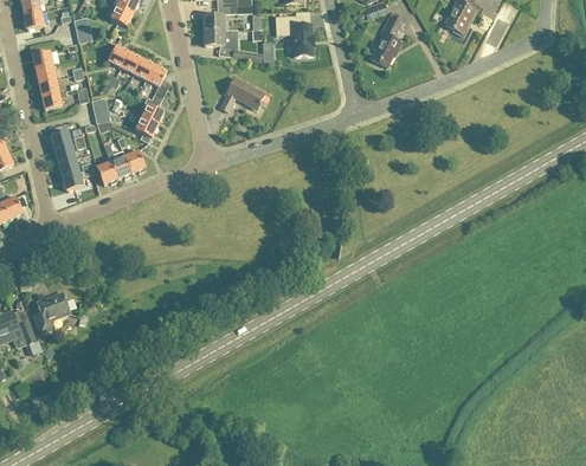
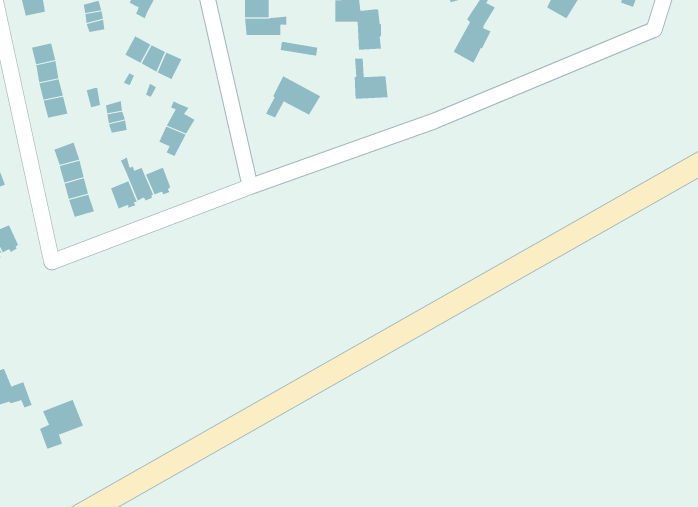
building: none -> [354,58,388,100]
building: [143,64,170,103] -> none
building: [34,291,70,331] -> [39,399,84,450]

